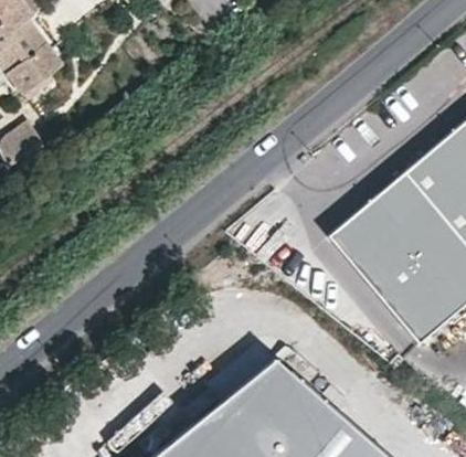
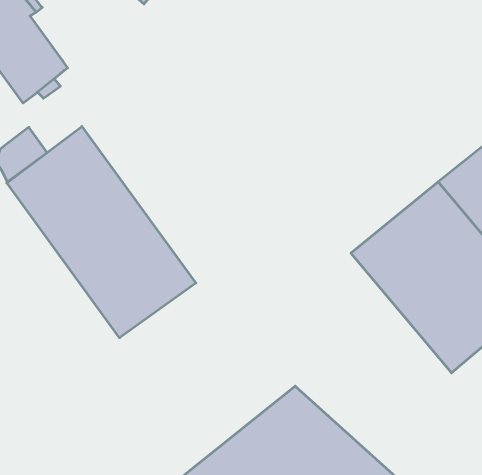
building: none -> [7,126,196,338]

